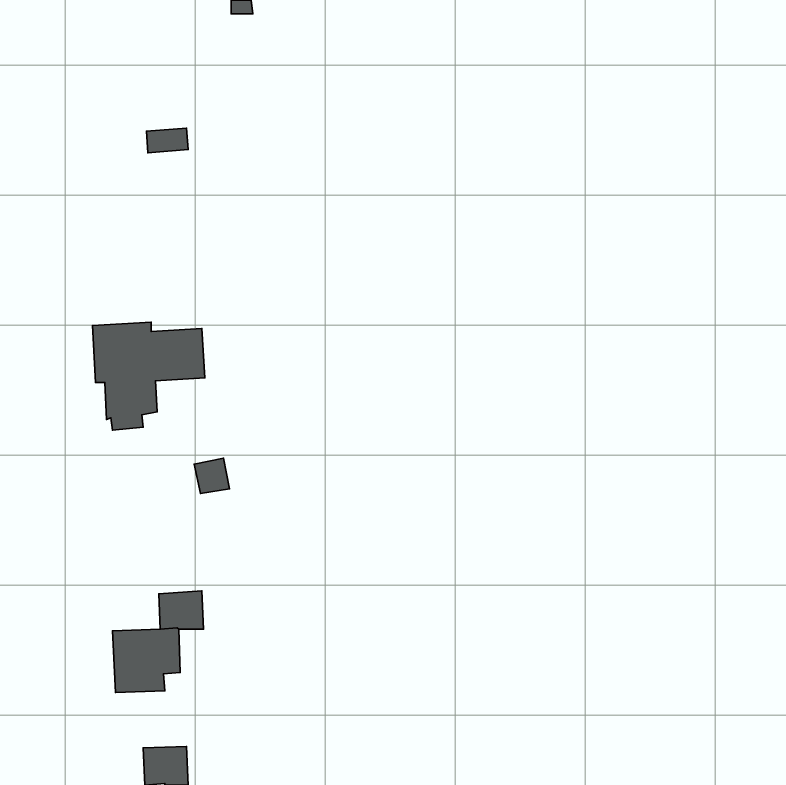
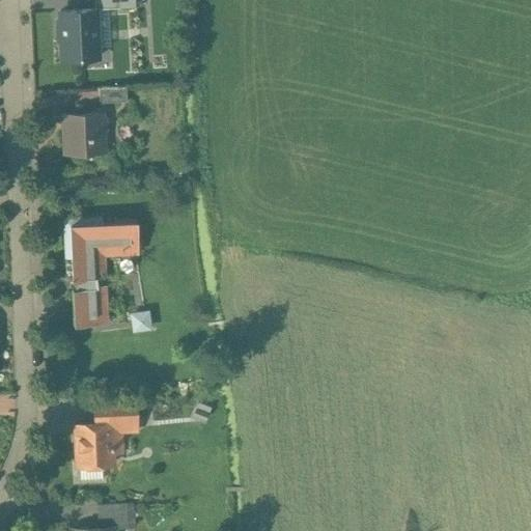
building: none -> [60,11,99,61]
building: none -> [65,115,107,158]
building: none -> [74,288,109,327]

